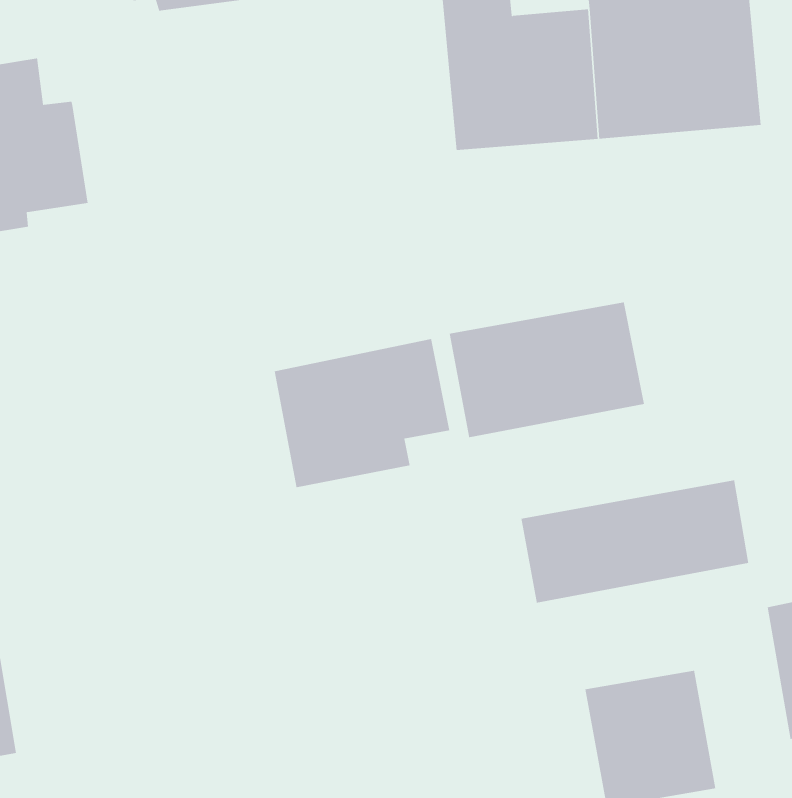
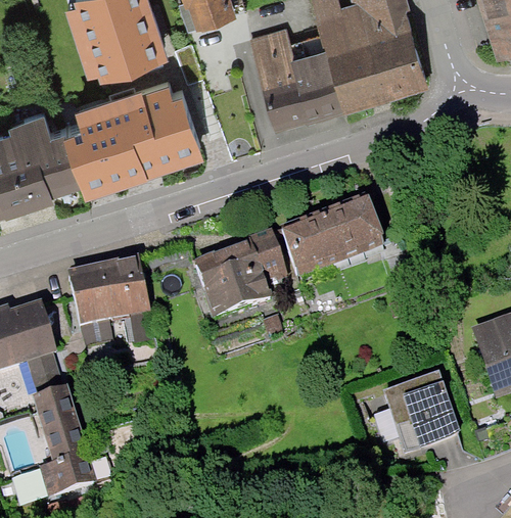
building: none -> [68,84,206,199]
building: none -> [65,265,144,323]
building: [521,479,749,603] -> none

